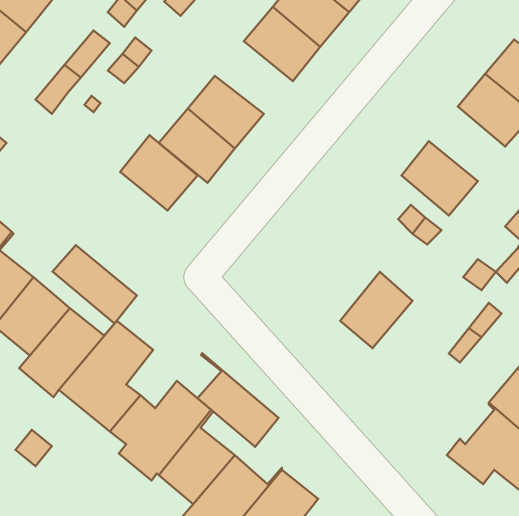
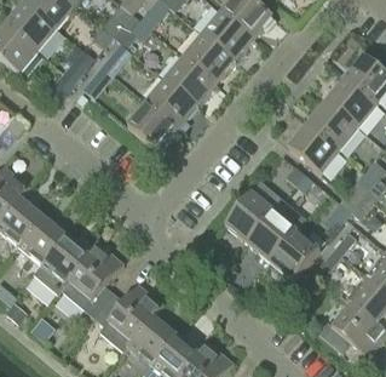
building: none -> [163,57,215,105]
building: none -> [306,101,357,150]
building: [120,135,197,211] -> none
building: none -> [224,181,283,244]
building: [53,245,137,324] -> none
building: none -> [269,230,318,281]
building: [198,353,278,447] -> none

